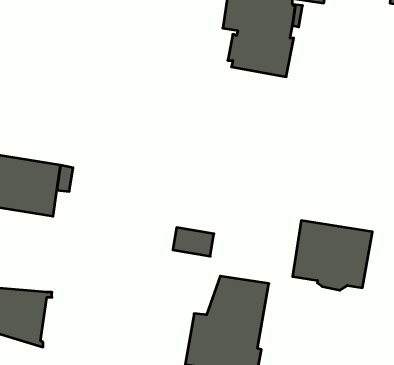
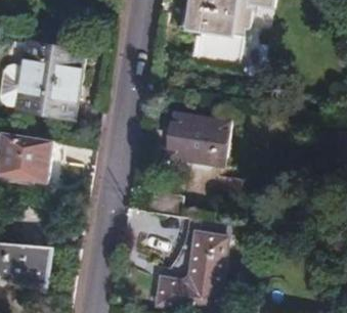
building: none -> [16,39,82,118]
building: [293,221,372,290] -> [165,113,230,170]

